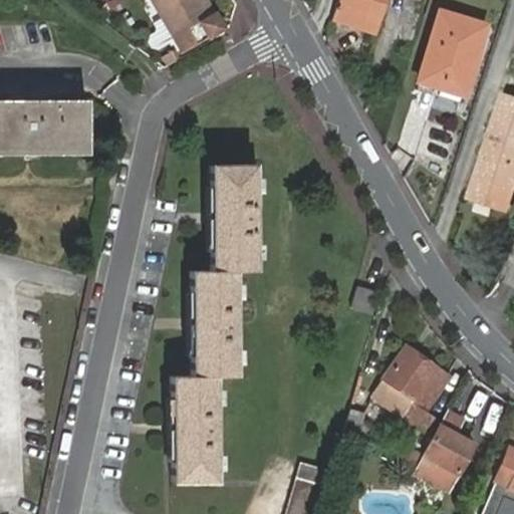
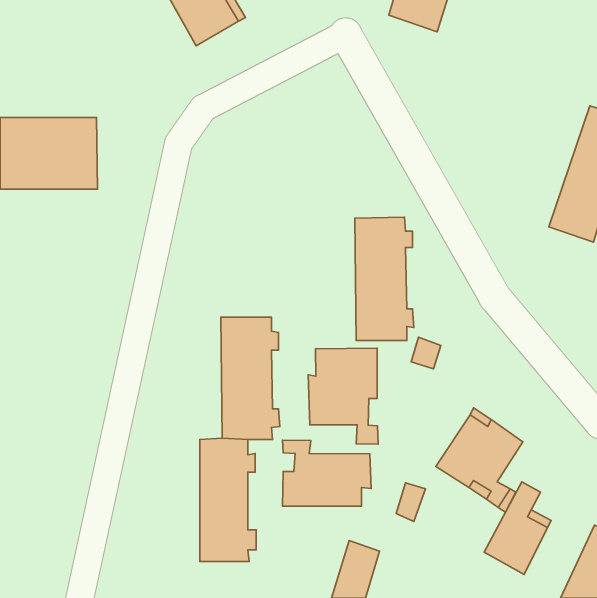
building: [421,7,491,94] -> none
building: [211,166,261,271] -> [355,217,414,340]
building: none -> [308,348,378,444]
building: none -> [283,440,371,506]

